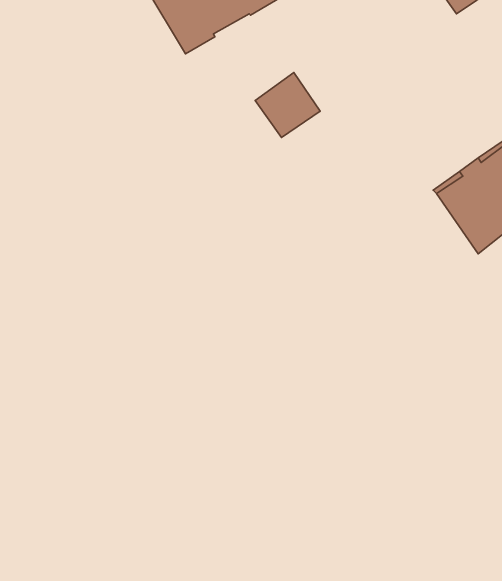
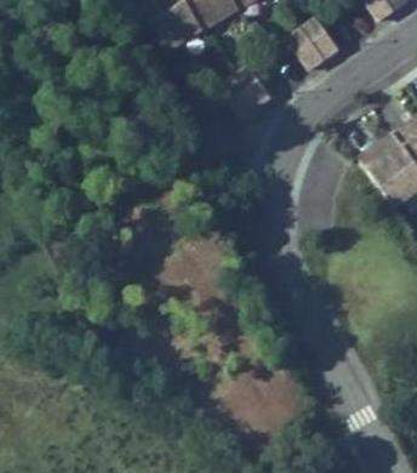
building: none -> [291,18,342,69]

